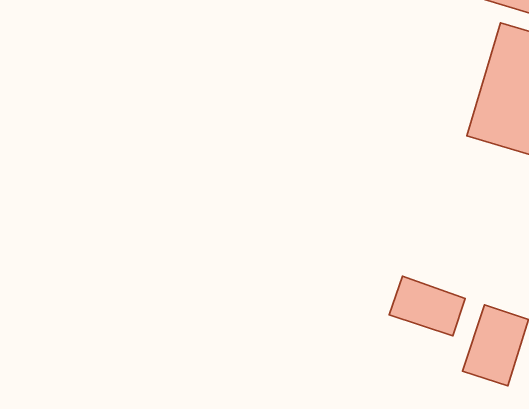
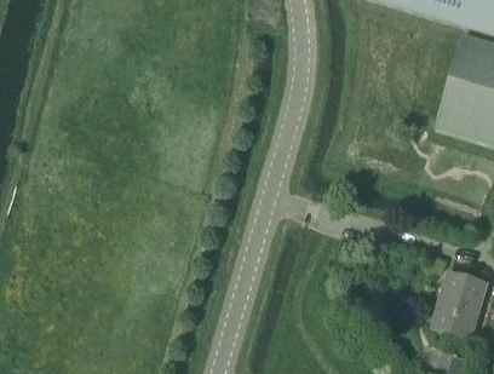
building: [389,276,465,336] -> none

